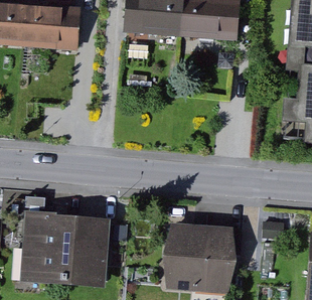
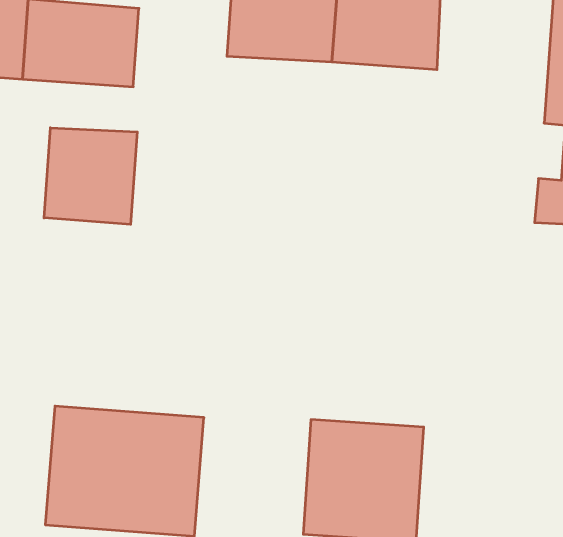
building: none -> [44,128,137,224]

